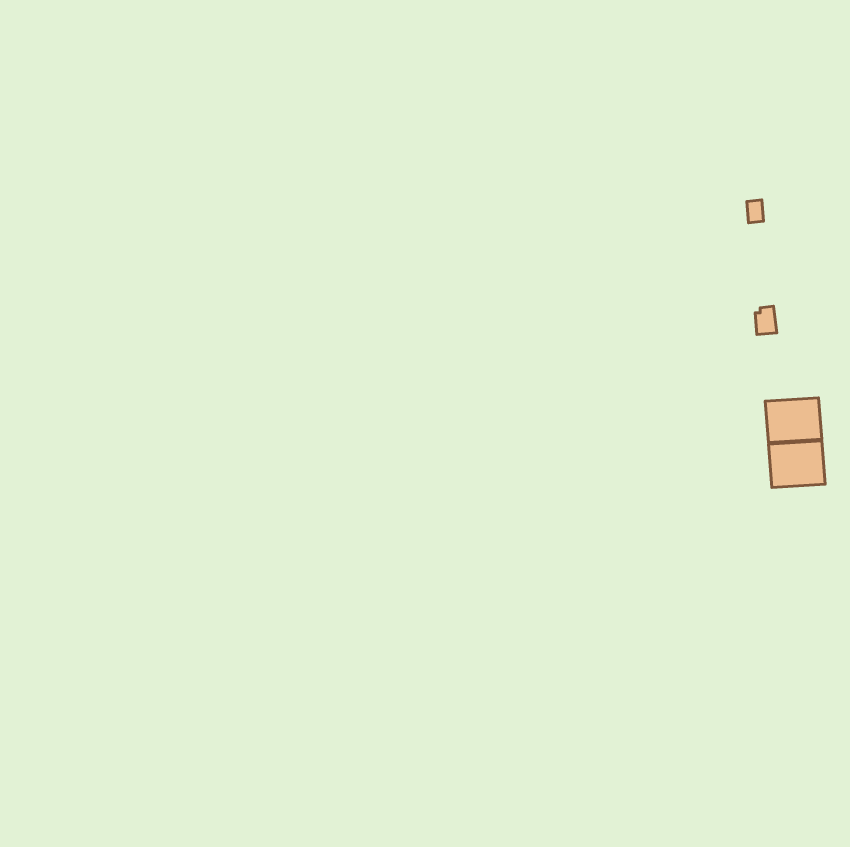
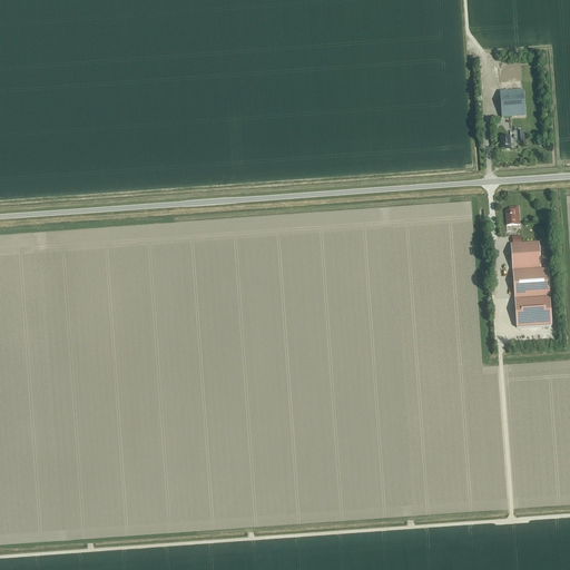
building: none -> [500,88,524,116]
building: none -> [510,239,540,267]

